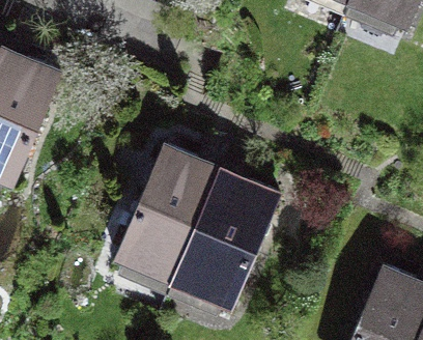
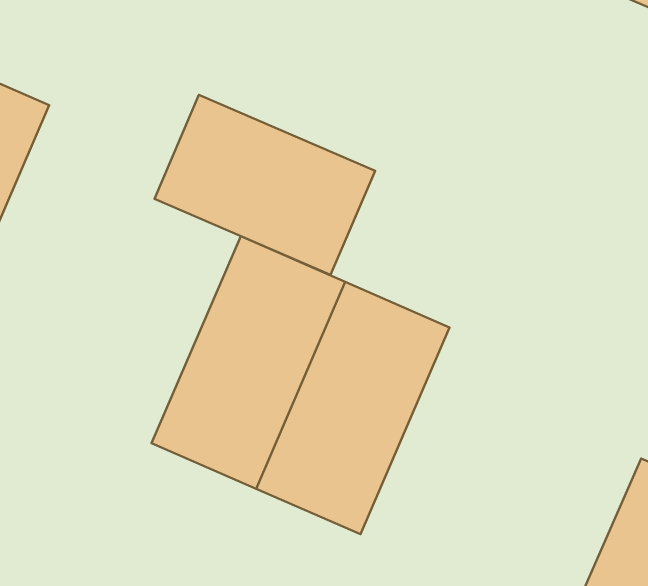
building: none -> [154,95,375,275]

